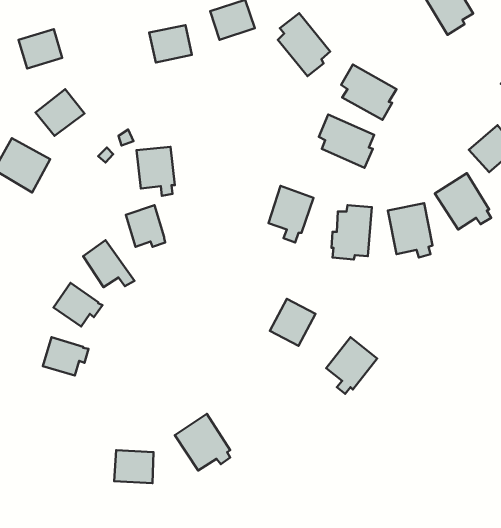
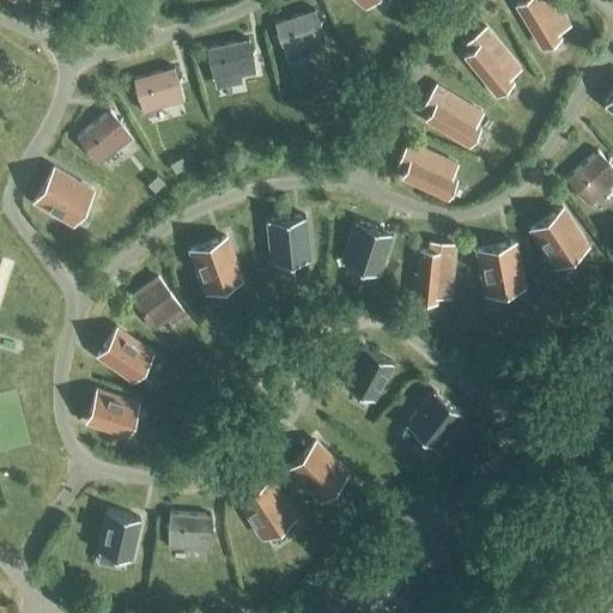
building: [278,13,330,76] -> [463,28,522,98]
building: [19,29,62,69] -> [134,69,183,114]
building: [136,147,175,196] -> [267,218,310,273]
building: none -> [286,441,353,504]
building: none -> [96,511,145,553]

